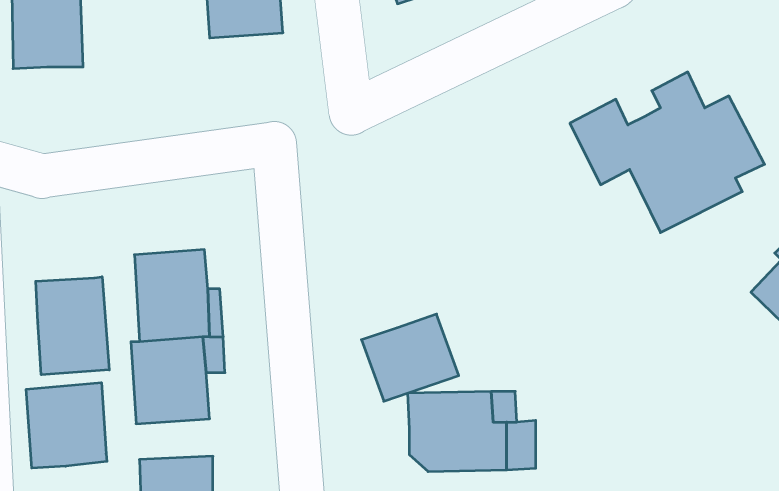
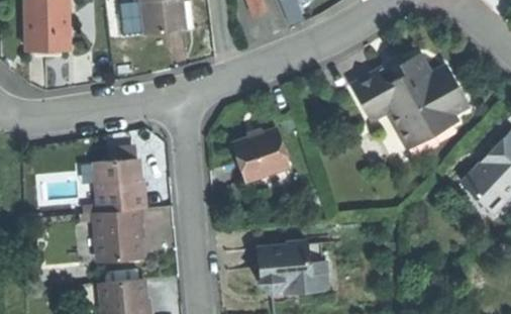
building: [36,277,109,375] -> none
building: [361,314,459,401] -> [233,129,291,181]
building: [26,383,107,468] -> none

